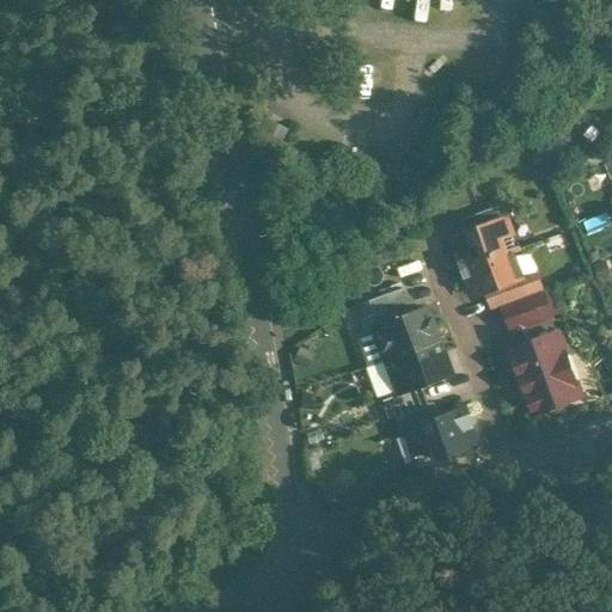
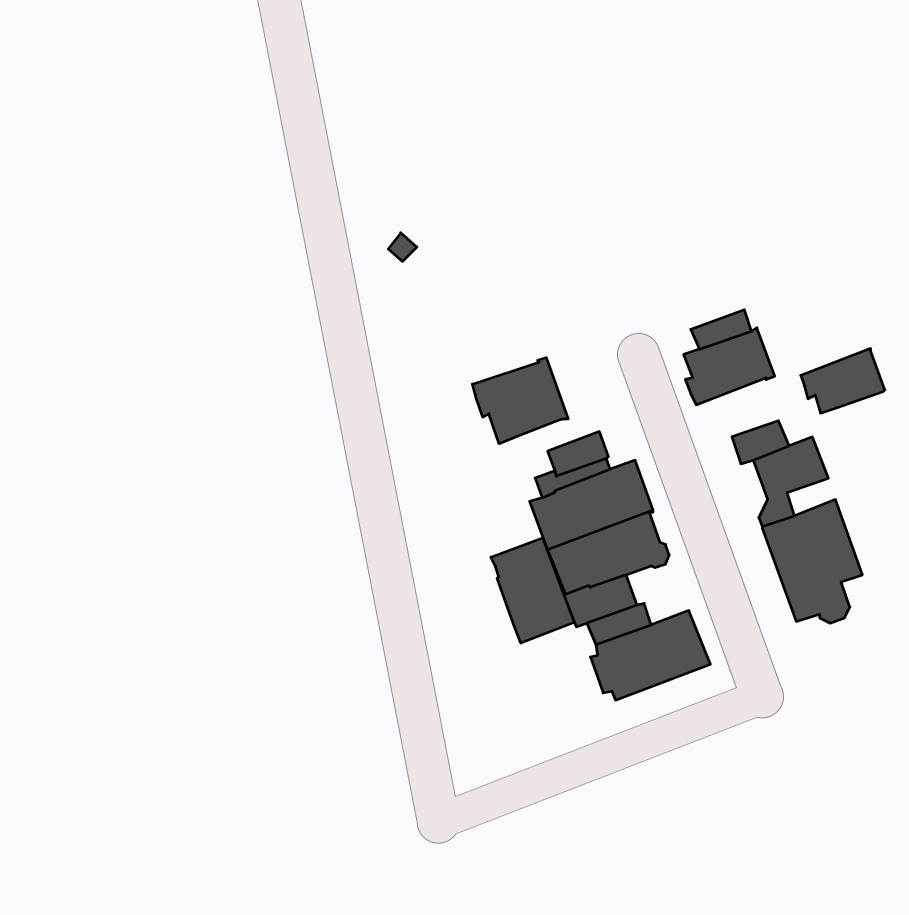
building: none -> [472,358,568,444]
building: [469,252,525,295] -> [801,349,885,413]
building: none -> [491,538,574,643]

